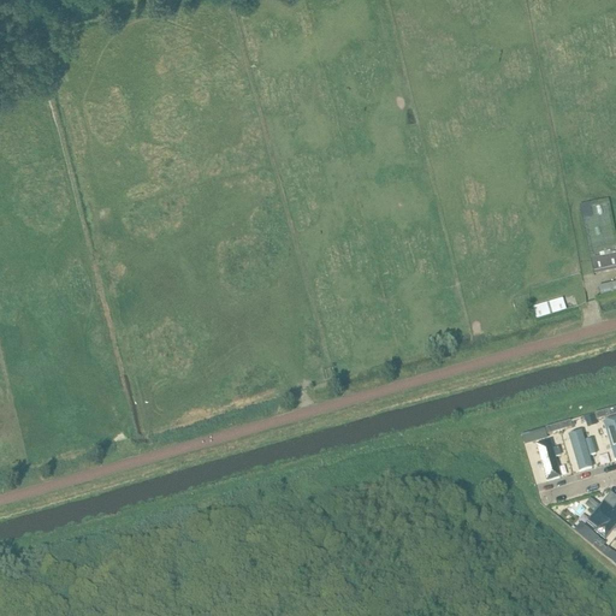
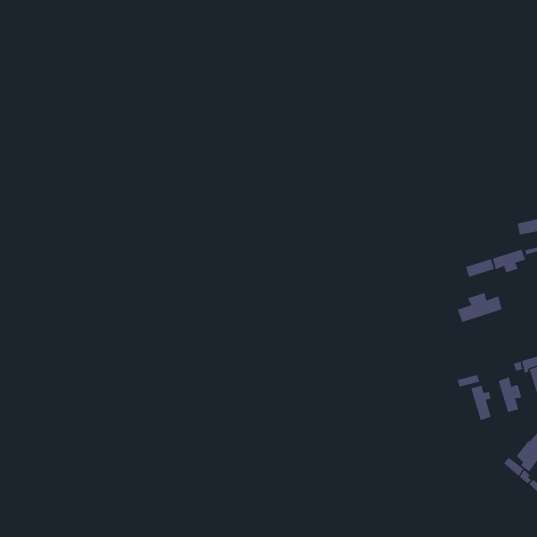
building: none -> [492,249,526,273]
building: none -> [457,292,502,323]

